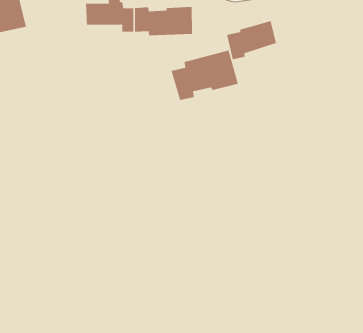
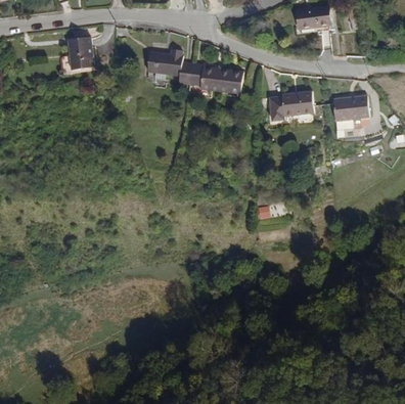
building: none -> [333,96,369,123]
building: [171,50,239,101] -> none

